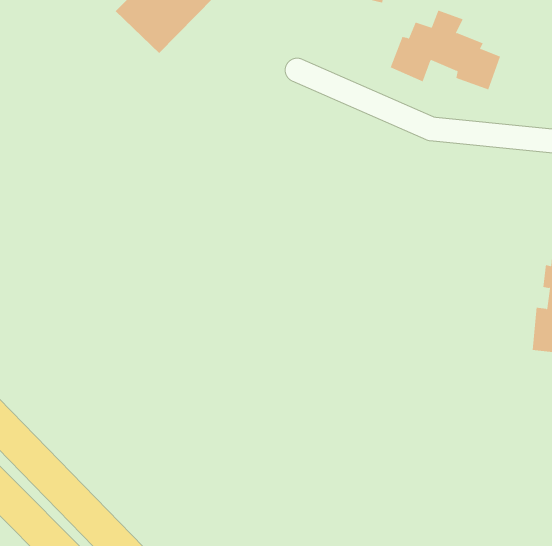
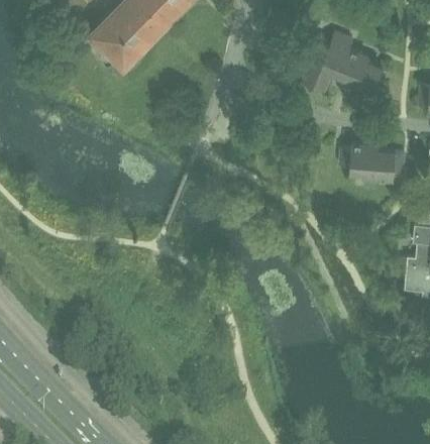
building: none -> [341,145,404,181]

